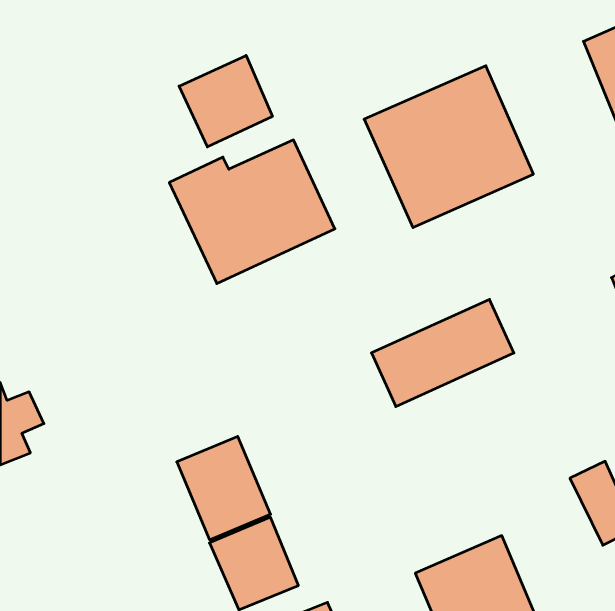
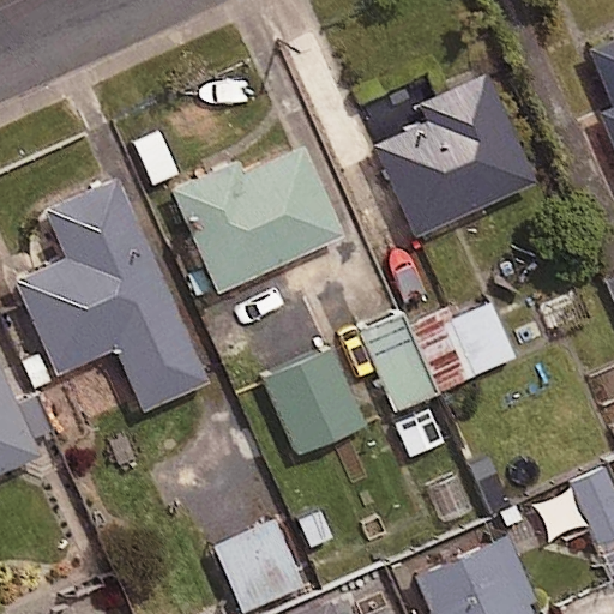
building: [179,55,272,147] -> none
building: none -> [14,181,210,410]
building: [177,436,271,540] -> [267,353,360,455]

